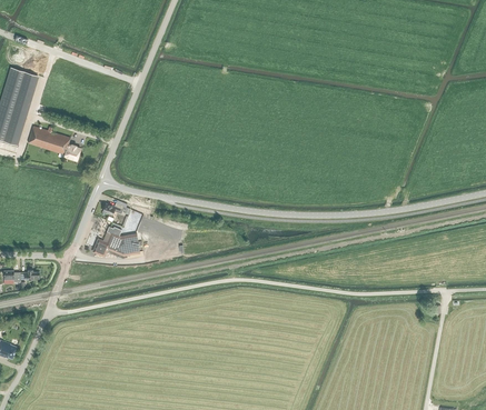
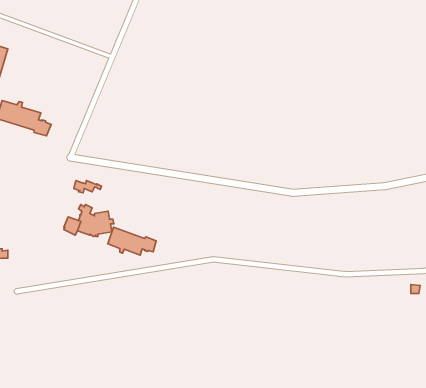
building: none -> [108,227,156,255]

